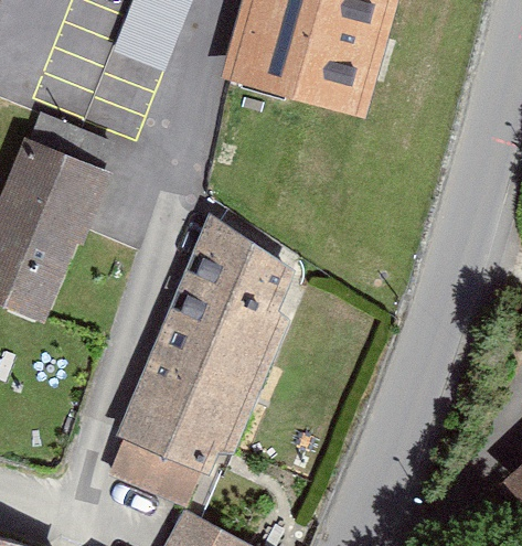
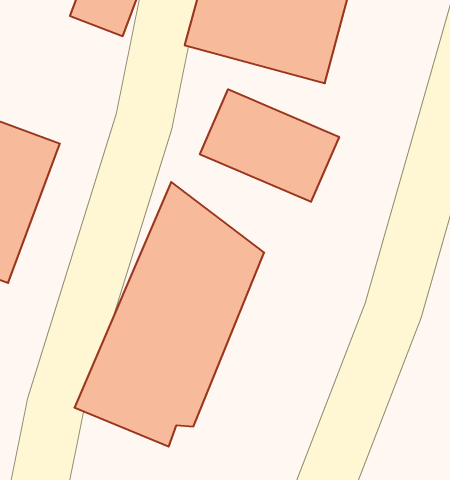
building: none -> [200,89,339,202]

